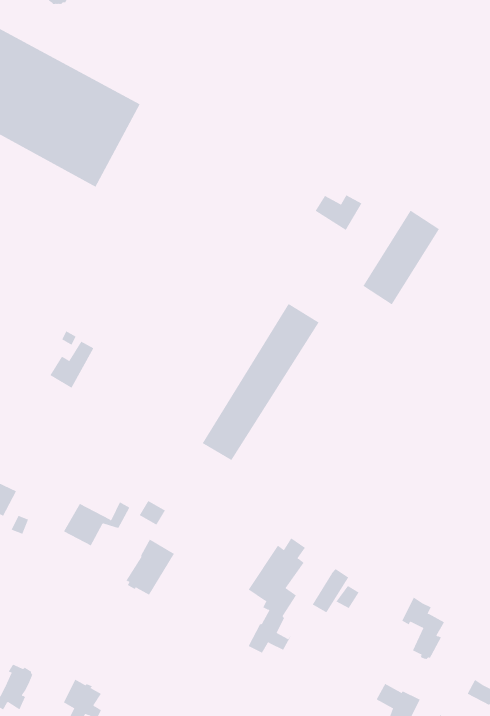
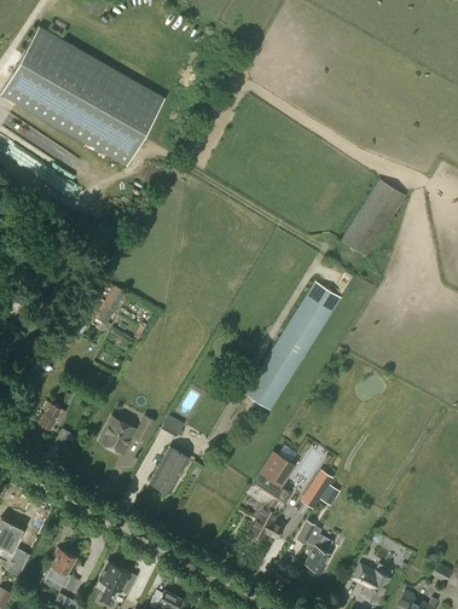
building: [315,195,362,231] -> none
building: [202,303,320,461] -> [245,282,341,410]
building: [402,597,445,659] -> [297,521,332,572]

